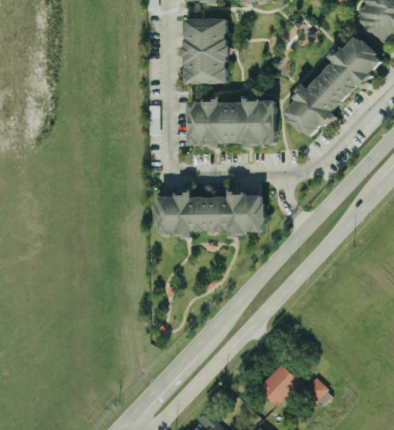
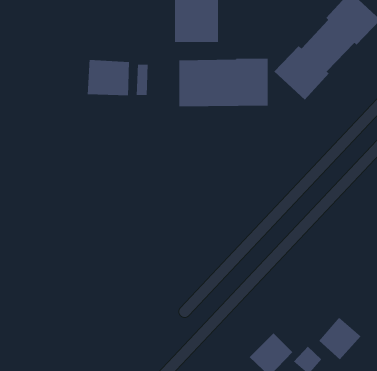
building: none -> [87,59,130,96]
building: [156,189,264,235] -> none
building: none -> [318,317,362,360]

